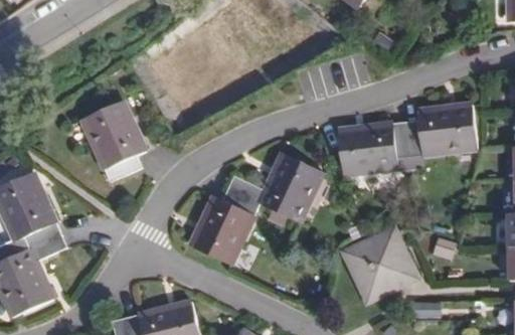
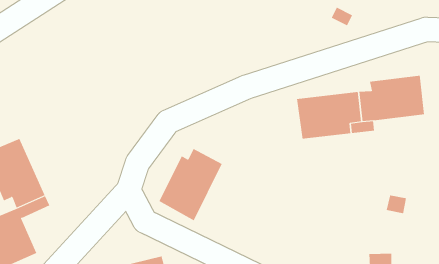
building: [79,102,144,182] -> none
building: [222,151,319,221] -> none
building: [344,231,410,298] -> none

